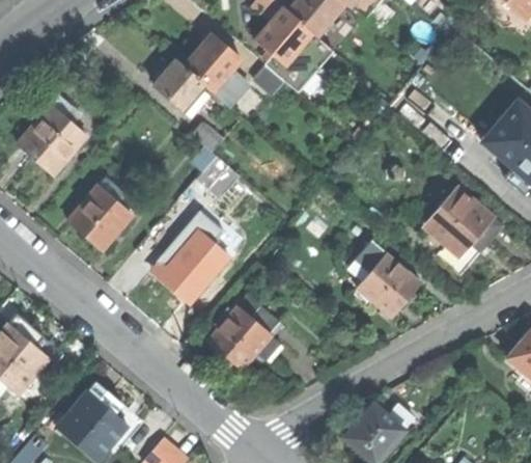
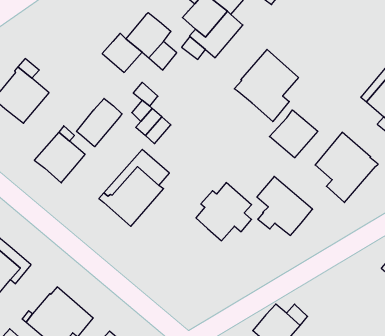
building: none -> [234,49,298,122]
building: none -> [77,98,122,147]
building: none -> [269,110,318,158]
building: [208,296,279,370] -> [196,183,252,241]

